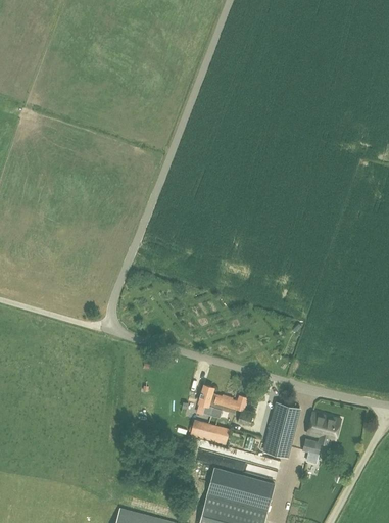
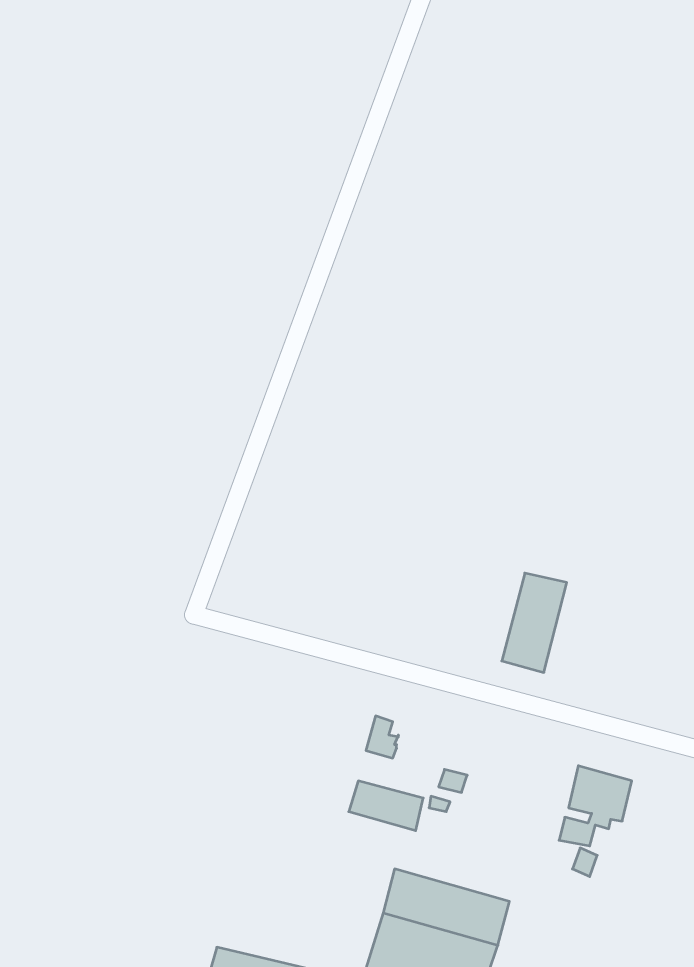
building: [212,394,246,413] -> none
building: [264,402,299,456] -> [502,573,567,672]

